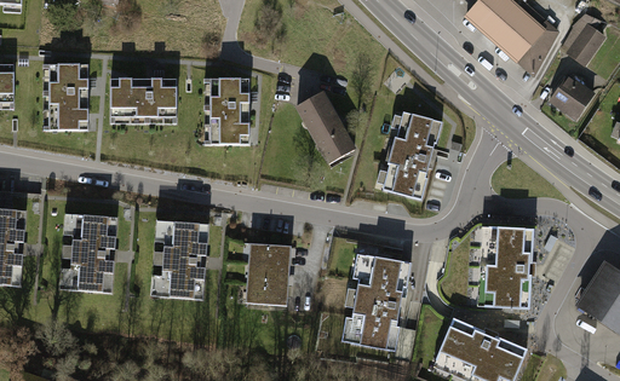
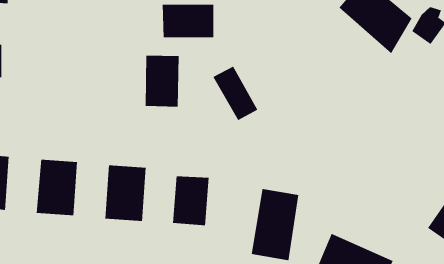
building: [44,63,90,131] -> none
building: [545,71,595,121] -> none
building: [110,79,179,123] -> [162,4,214,38]
building: [379,112,446,194] -> none
building: [475,224,536,311] -> none

